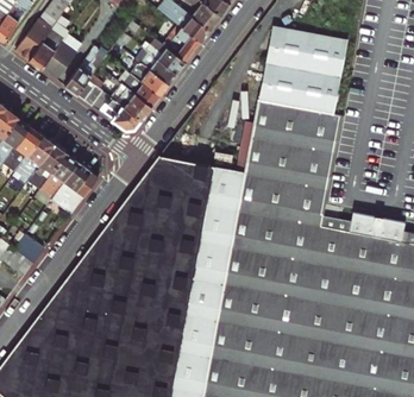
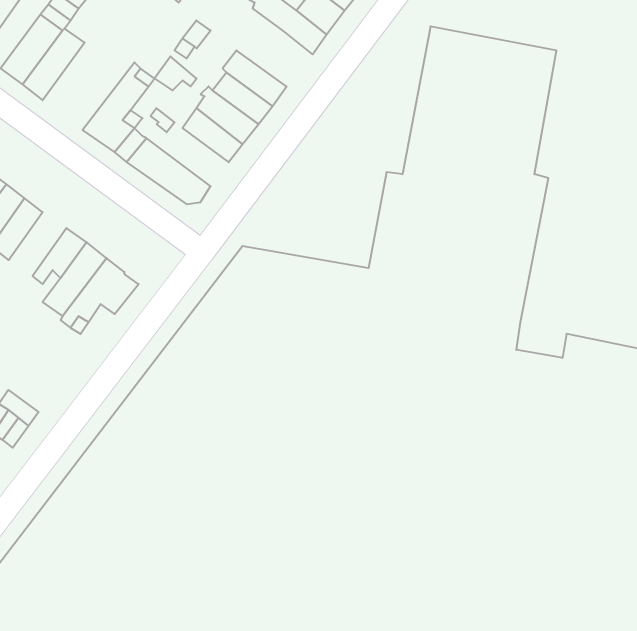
building: [165,29,202,62] -> none
building: [42,34,82,81] -> none
building: [113,86,152,121] -> none
building: [21,137,56,182] -> none

